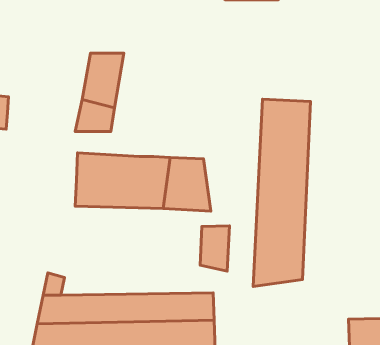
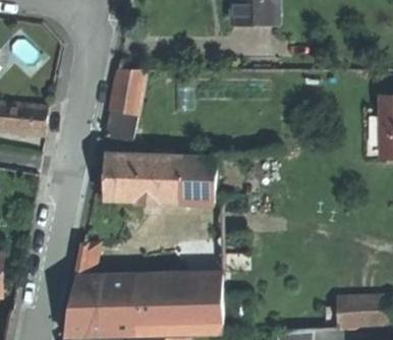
building: [253,99,310,286] -> none
building: [200,226,230,271] -> none

